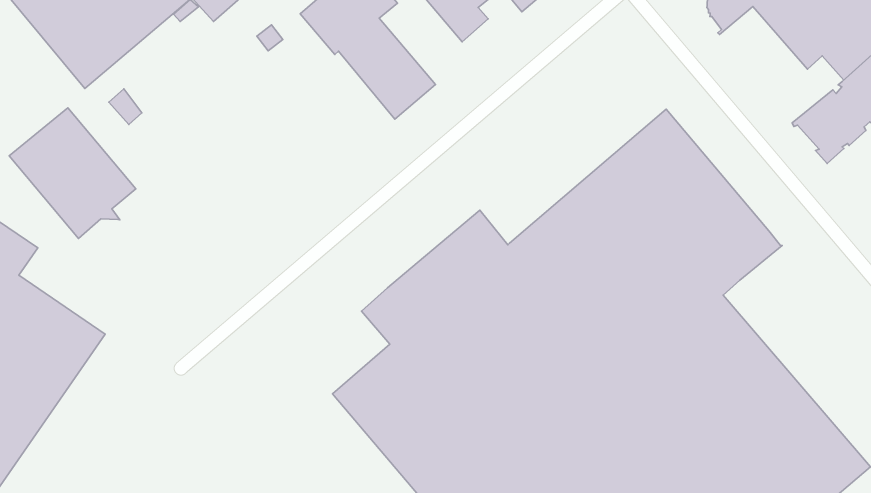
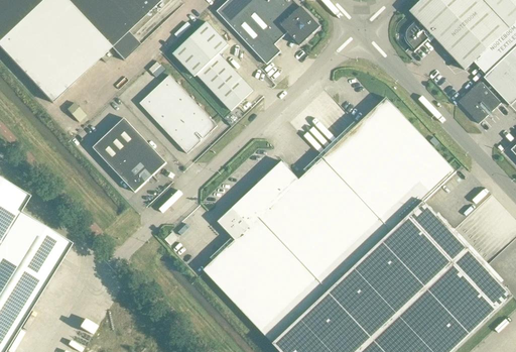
building: none -> [139,74,217,152]
building: [9,108,136,239] -> [92,117,165,192]

